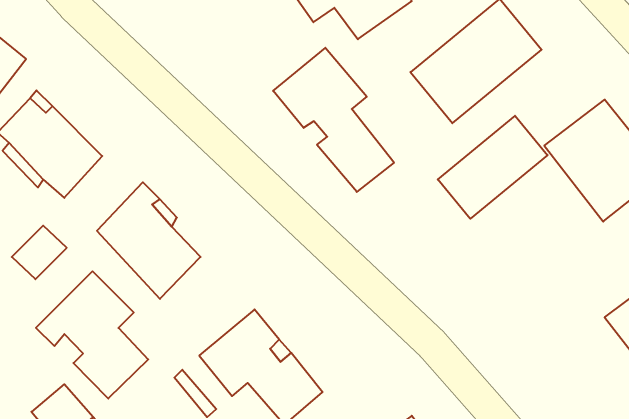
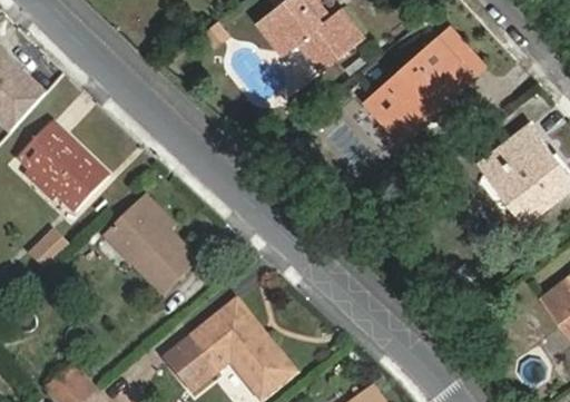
building: [273,48,394,192] -> none
building: [438,116,548,219] -> none
building: [36,271,148,399] -> none

